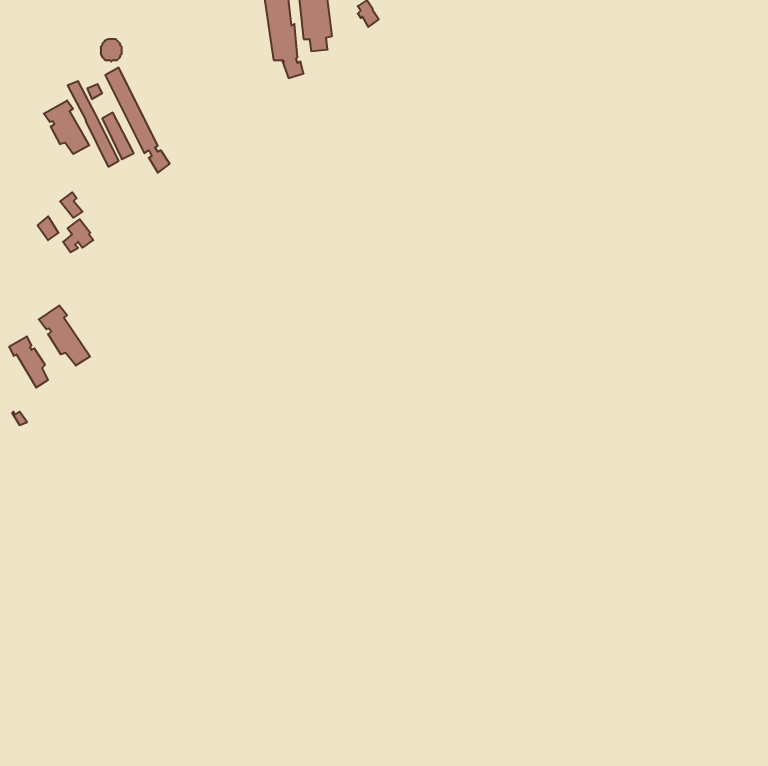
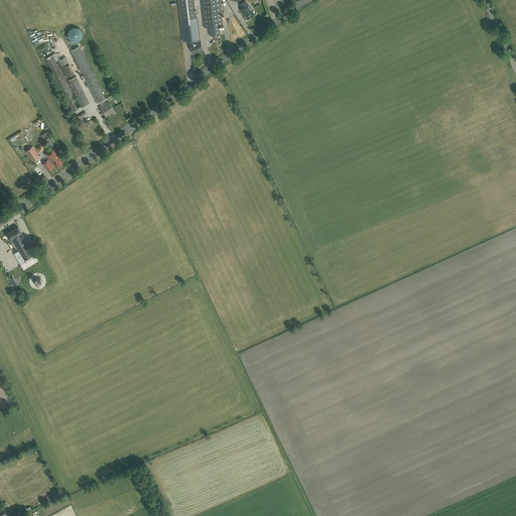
building: [44,100,89,154] -> none
building: [39,305,90,366] -> none

